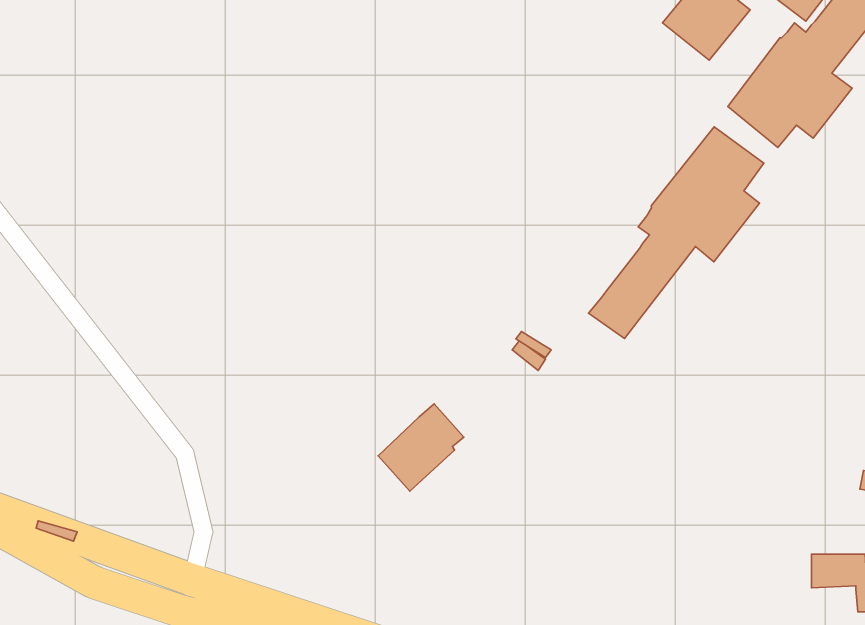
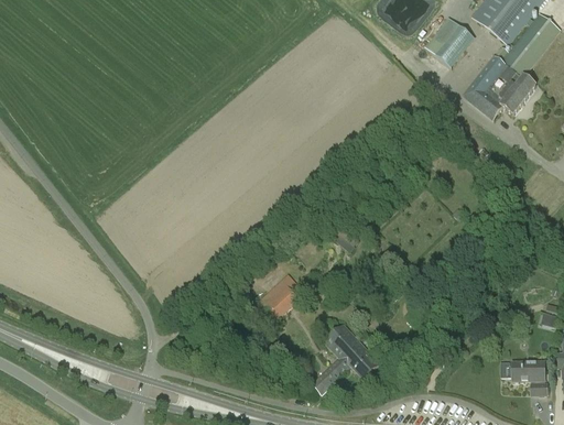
building: [588,127,764,338] -> none
building: none -> [312,324,378,394]

